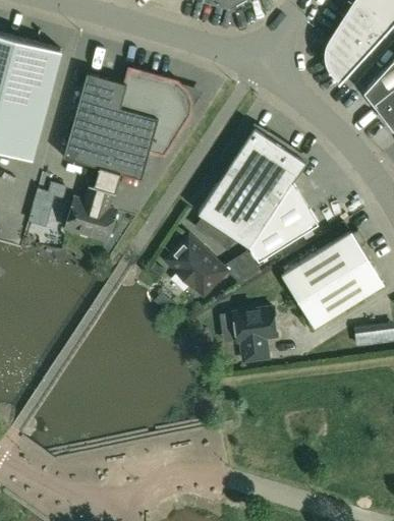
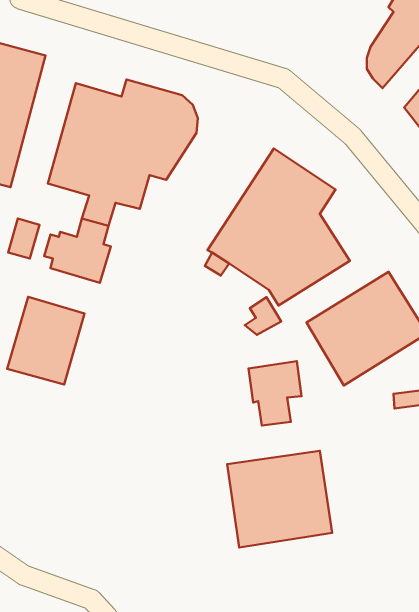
building: [166,238,225,296] -> none
building: none -> [7,297,85,384]
building: none -> [227,451,332,548]

